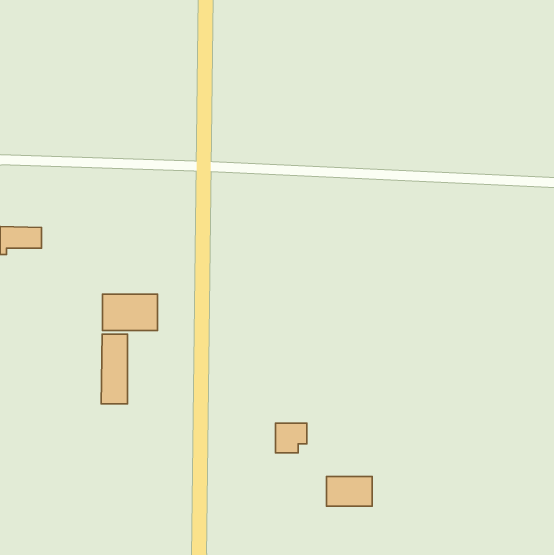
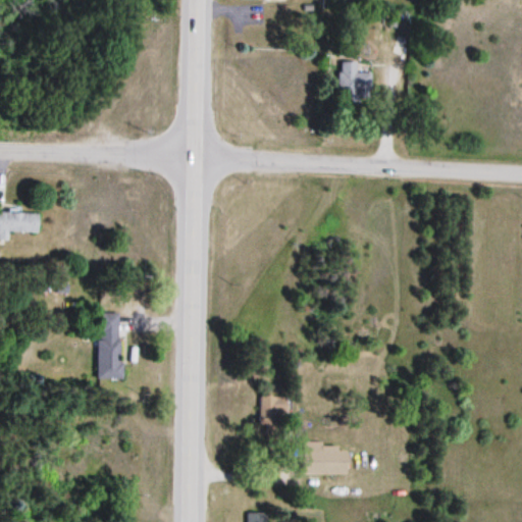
building: none -> [343,61,373,96]
building: [102,294,157,330] -> none

